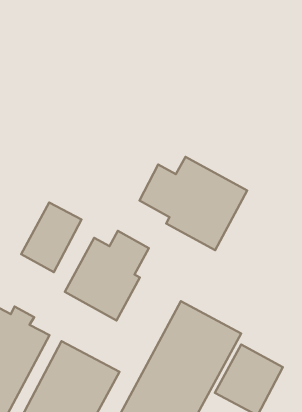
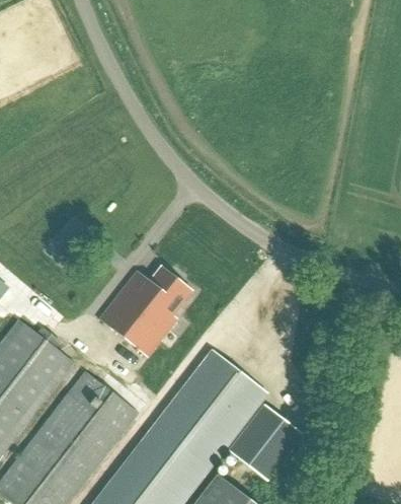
building: [139,157,247,250] -> none
building: [21,202,82,272] -> none

